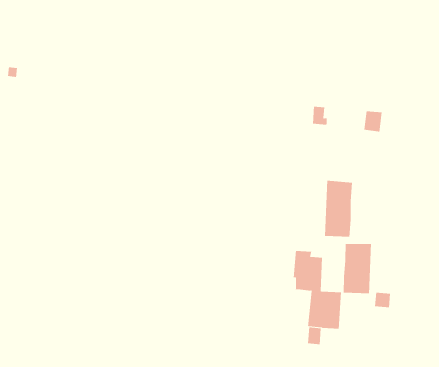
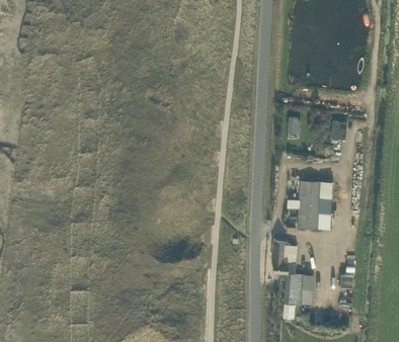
building: [343,243,372,294] -> none

